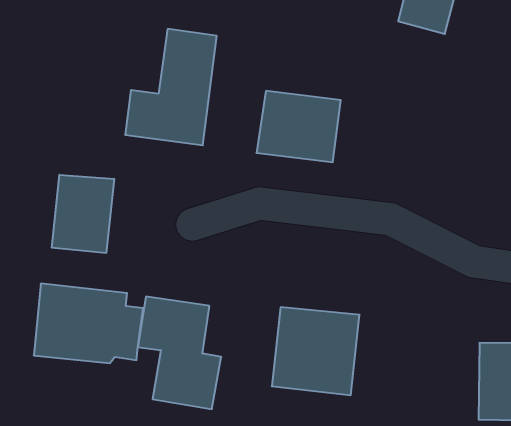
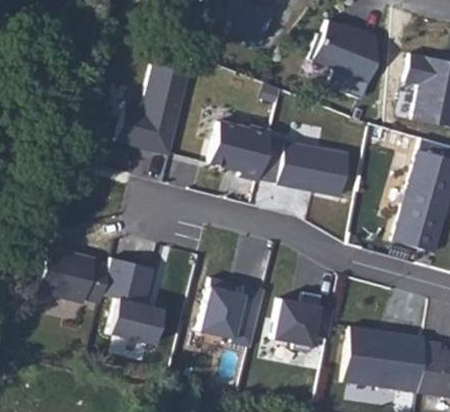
building: none -> [264,137,353,199]
building: [52,175,114,253] -> none
building: none -> [274,299,339,348]

